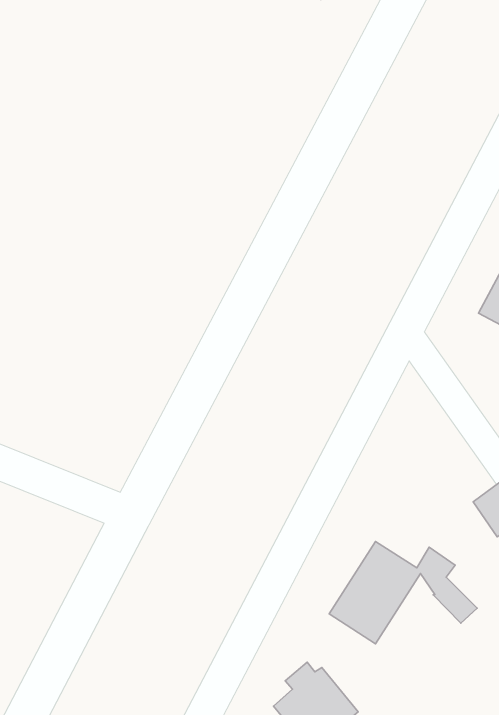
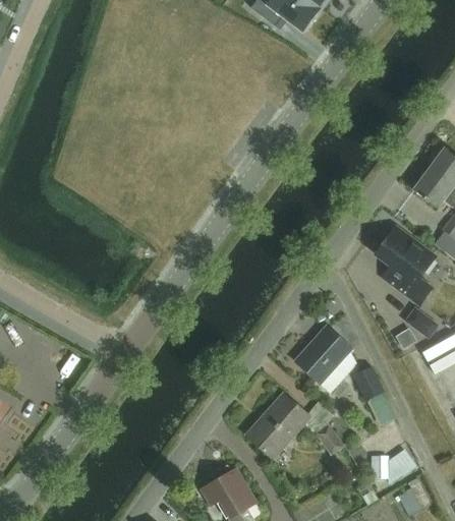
building: none -> [295,326,352,384]

